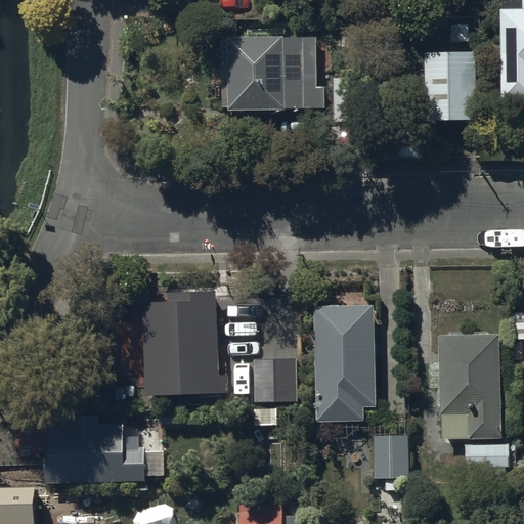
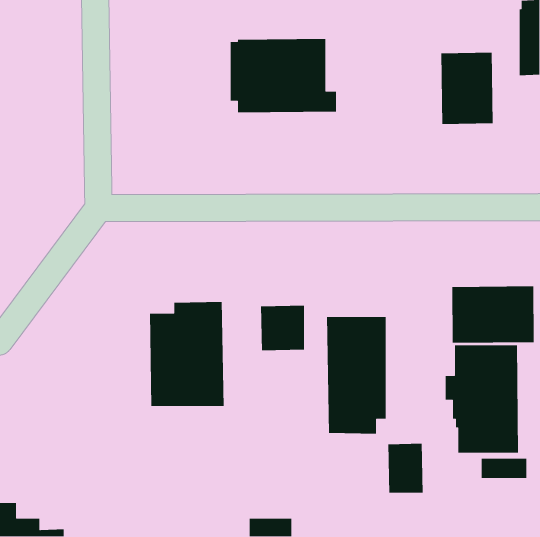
building: none -> [452,286,535,343]
building: [254,357,297,402] -> [260,305,305,351]
building: [45,416,146,482] -> none

